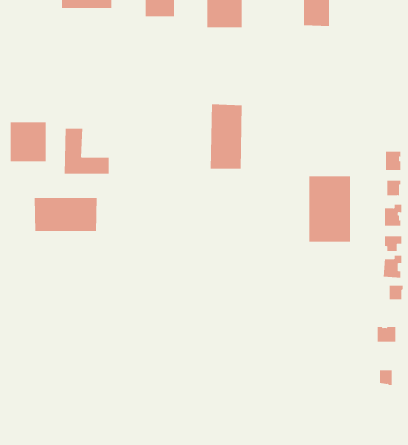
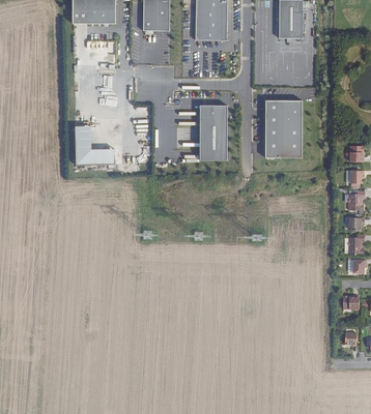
building: [10,121,46,162] -> none
building: [309,176,351,242] -> [265,100,302,157]
building: [34,197,97,232] -> none

